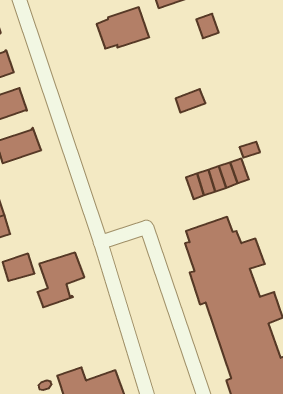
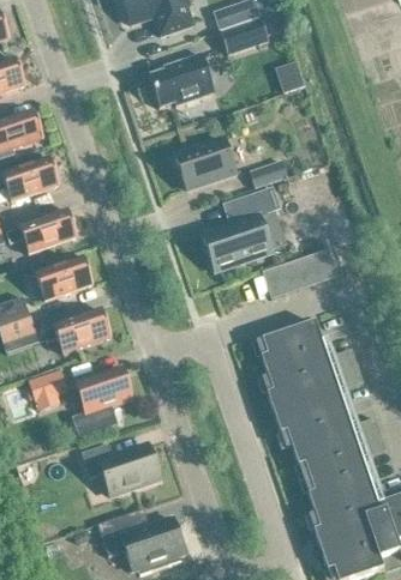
building: none -> [175,139,234,188]
building: none -> [202,187,279,271]
building: none -> [35,256,92,300]
building: none -> [42,307,110,352]
building: none -> [80,442,158,495]

